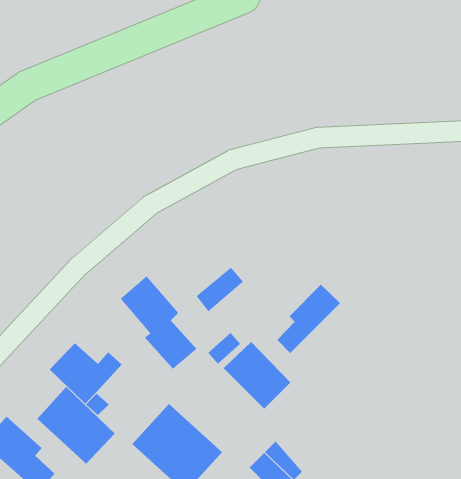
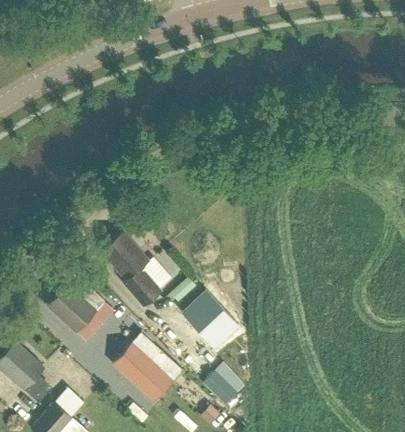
building: [196,267,244,312] -> none
building: [277,284,341,354] -> none
building: [37,386,116,465] -> none

